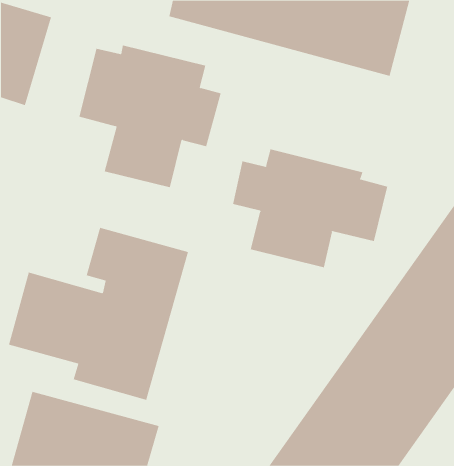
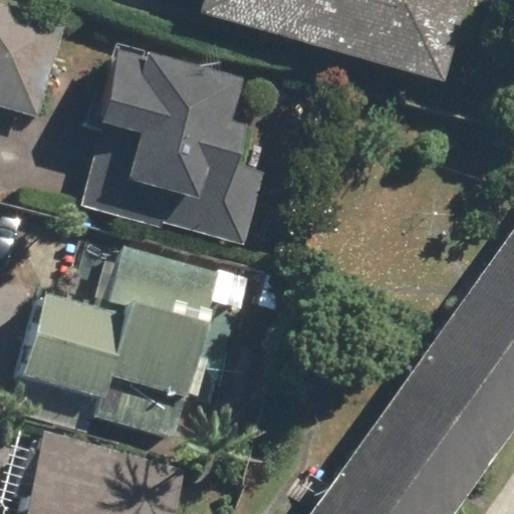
building: [232,148,388,268] -> none

